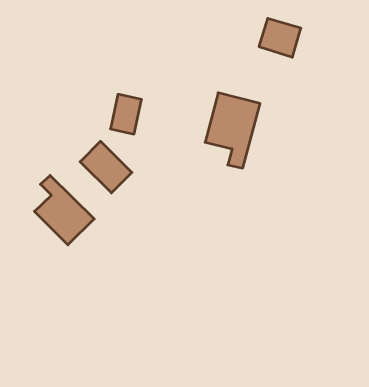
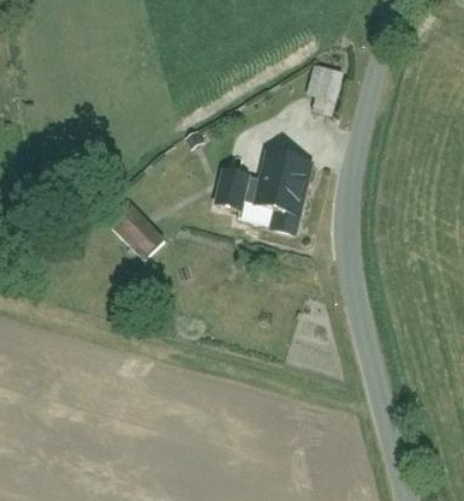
building: [110,94,142,134] -> [212,166,246,210]
building: [34,175,94,245] -> none

